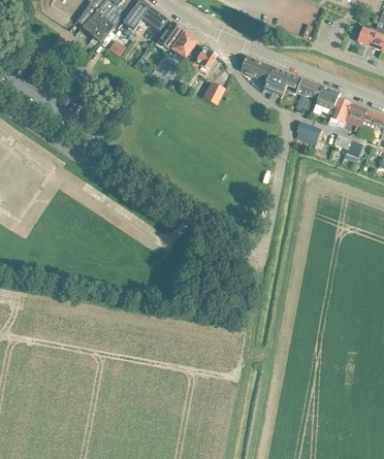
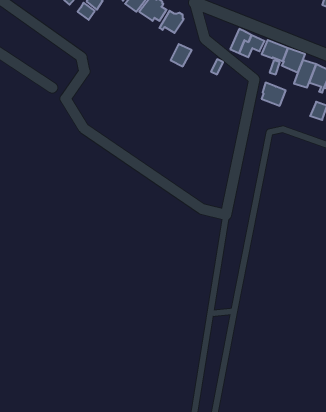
building: [239,55,270,80] -> none

